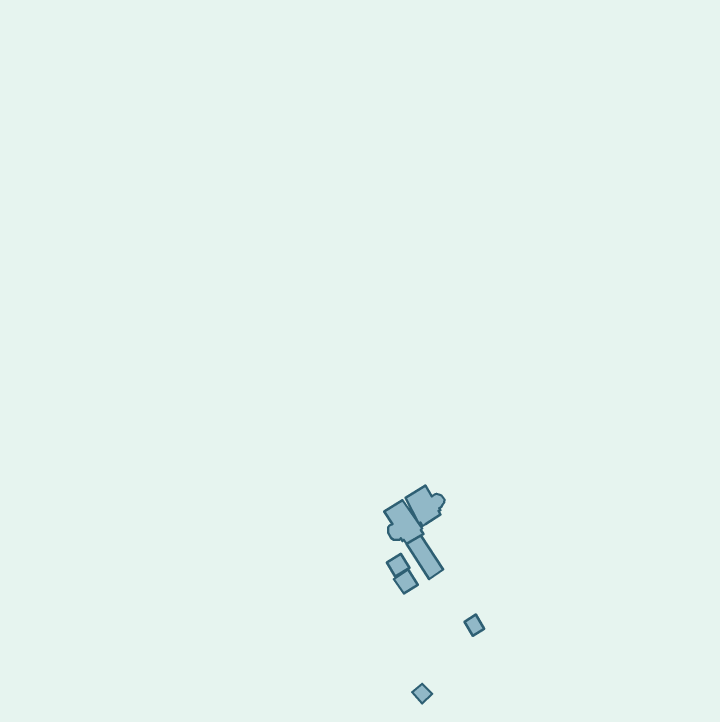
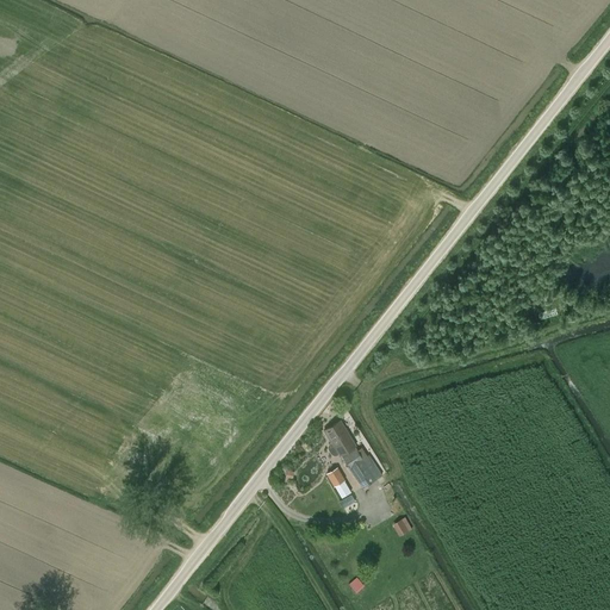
building: [406,486,445,526] -> none

